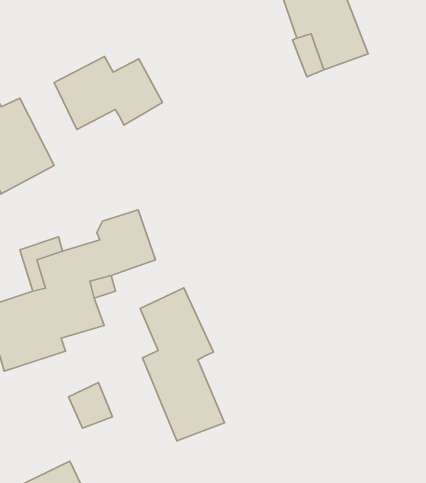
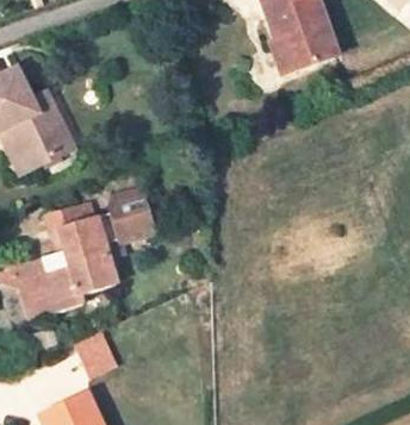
building: [54,57,163,130] -> none
building: [140,288,225,441] -> none

